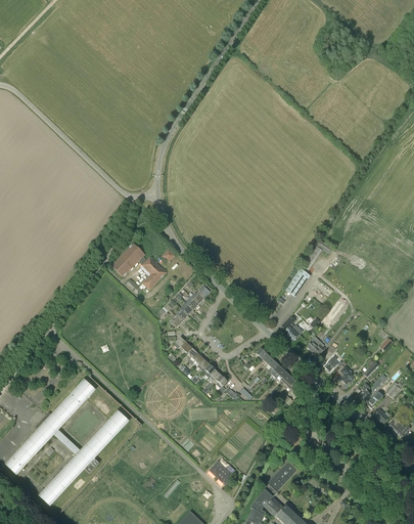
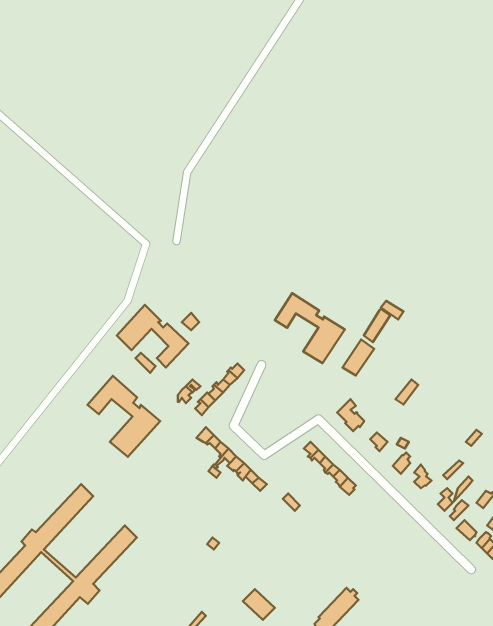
building: none -> [275,293,345,363]
building: none -> [87,376,160,457]

